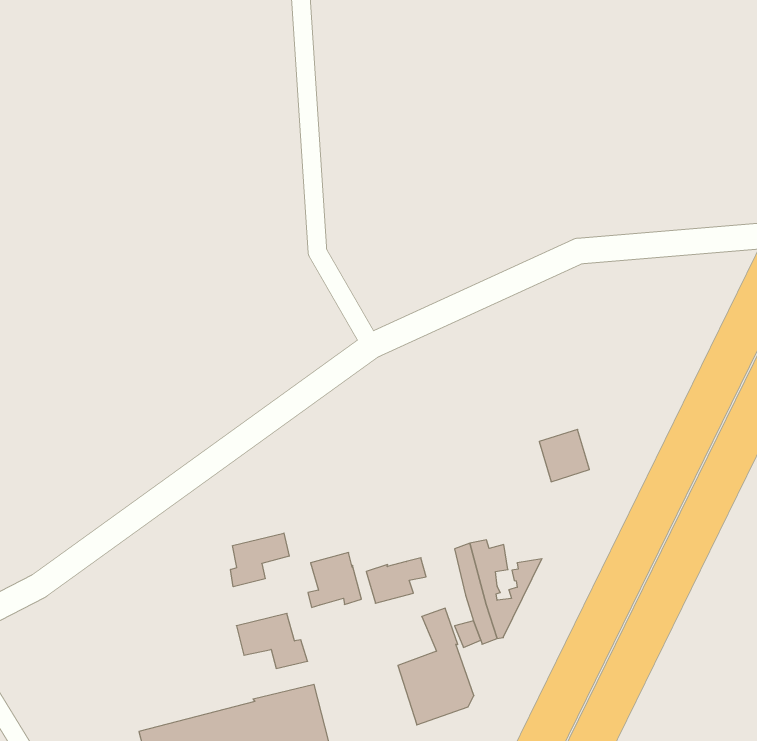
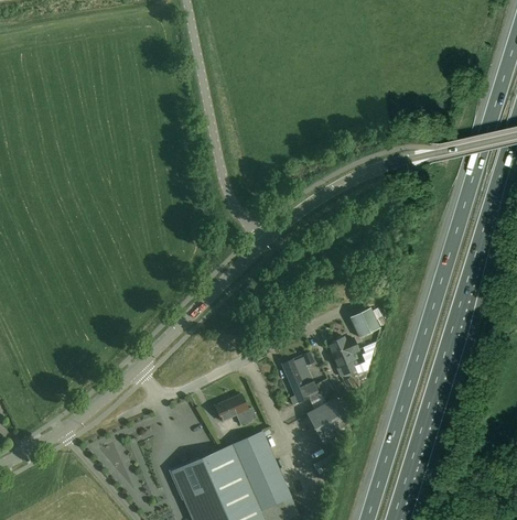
building: [539,429,589,482] -> [349,306,379,337]
building: [231,533,289,587] -> none
building: [308,553,361,607] -> [289,371,320,404]

